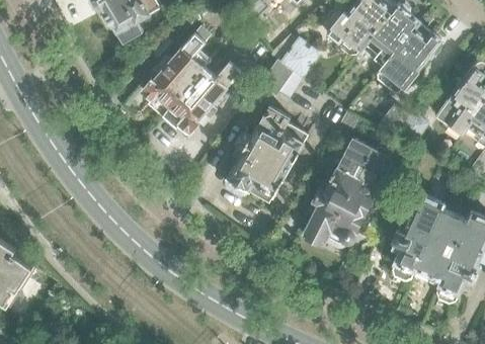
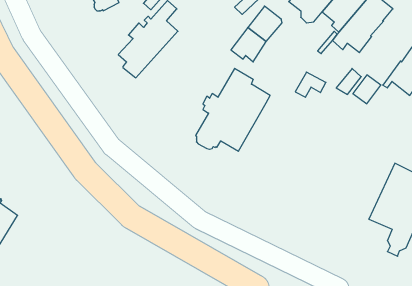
building: [162,63,240,132] -> none
building: [305,139,394,245] -> none
building: [391,194,443,287] -> none

